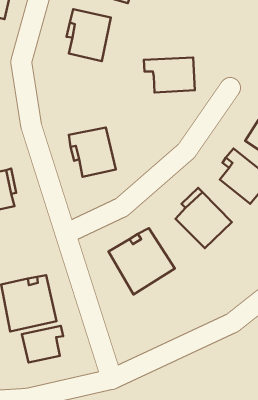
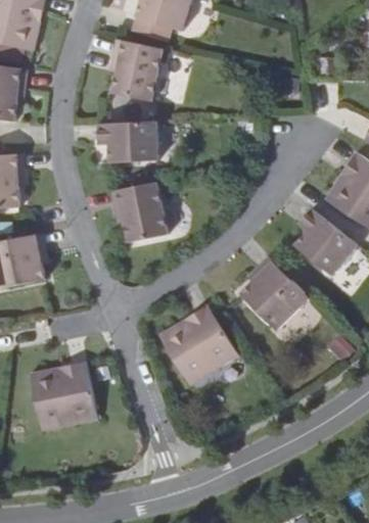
building: [144,57,195,93] -> [97,122,159,164]
building: [22,326,63,363] -> none

